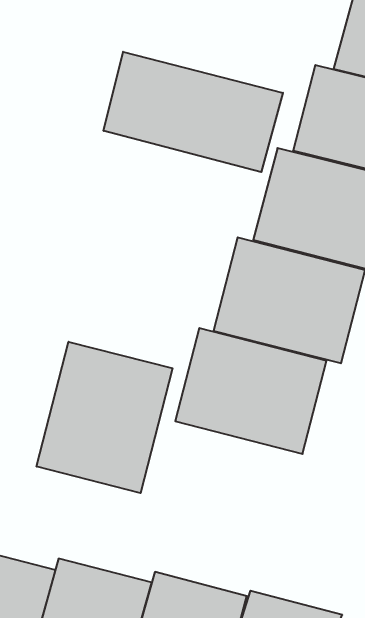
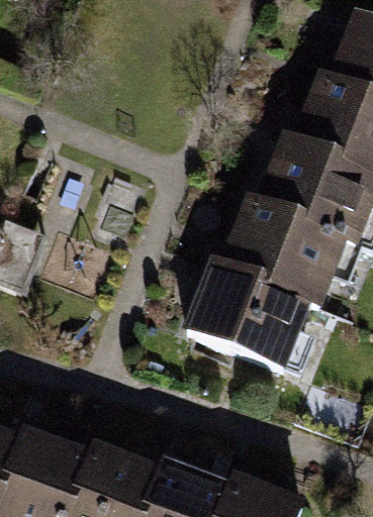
building: [104,52,283,172] -> none
building: [37,342,173,493] -> none

